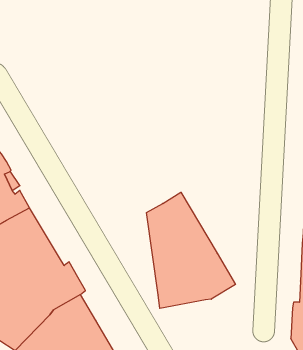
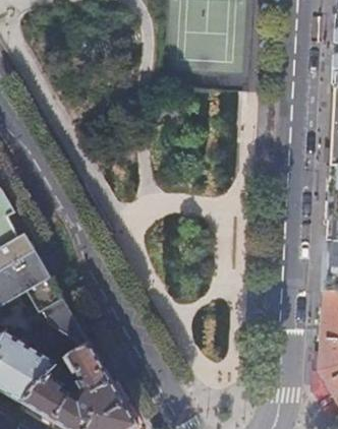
building: [147,192,235,308] -> none

